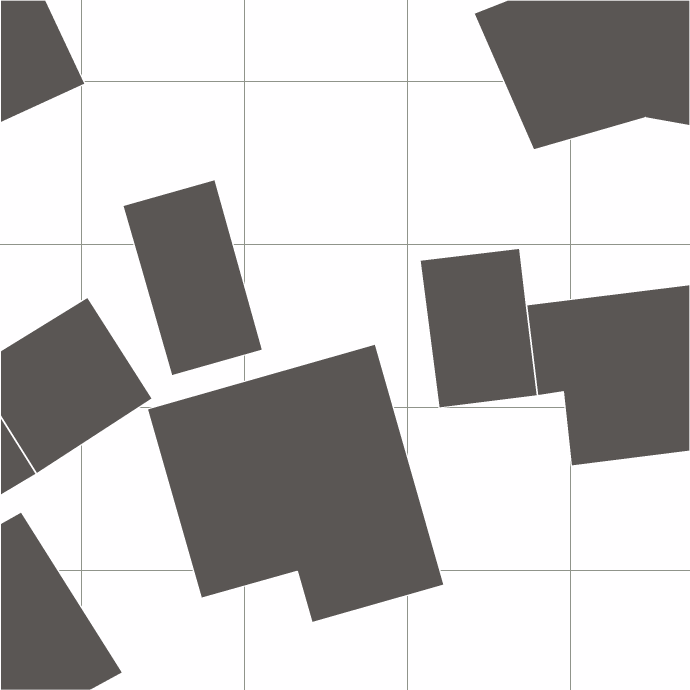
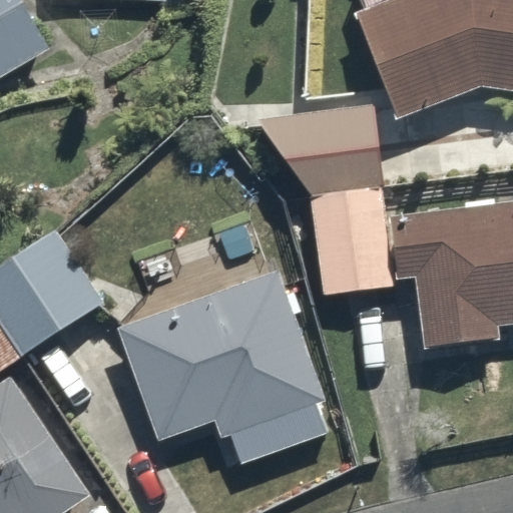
building: none -> [268,102,386,193]
building: [123,179,263,376] -> none

